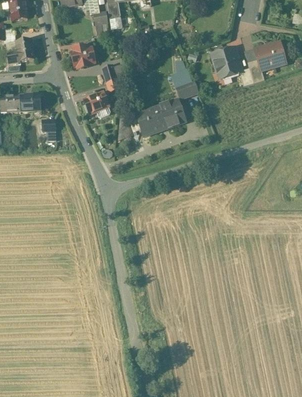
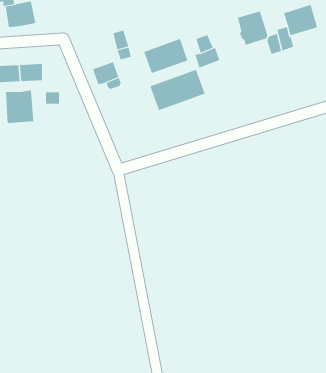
building: [71,45,95,68] -> none
building: none -> [144,38,188,74]
building: none -> [6,90,34,124]

